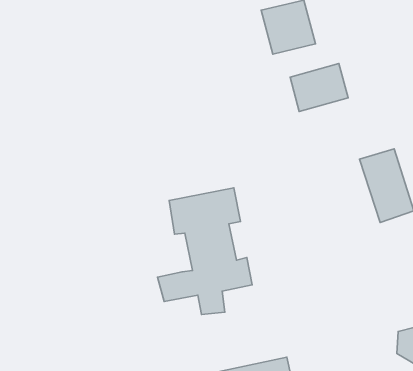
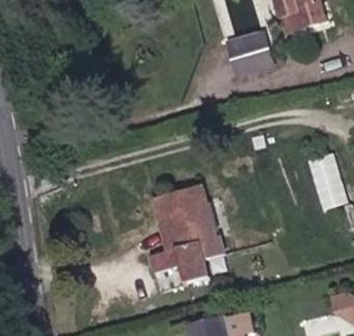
building: [290,64,348,112] -> none

